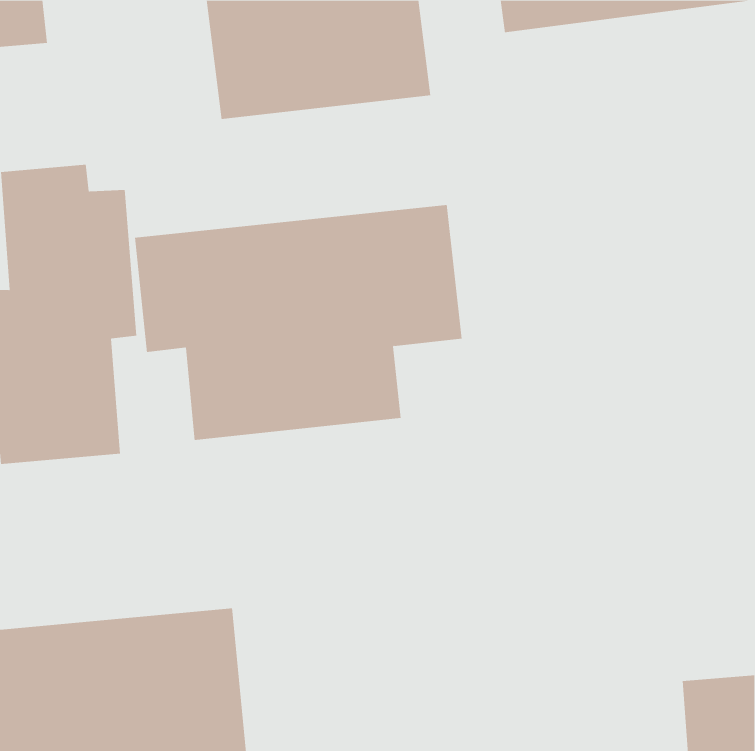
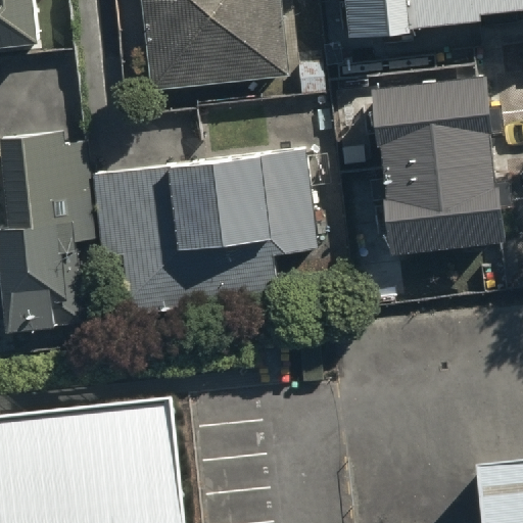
building: none -> [369,60,505,246]

